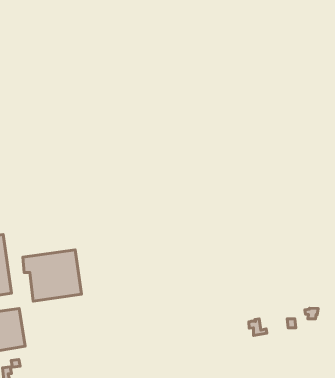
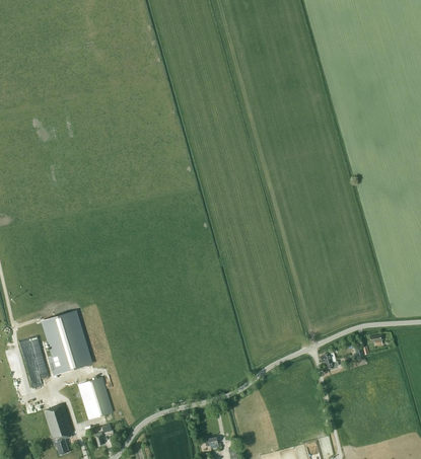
building: [23,250,82,301] -> none

